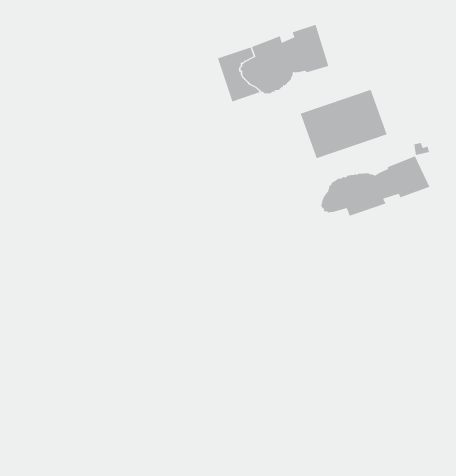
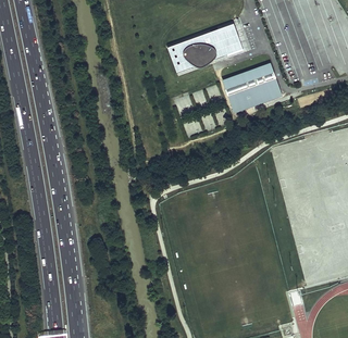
building: [321,156,430,216] -> none

